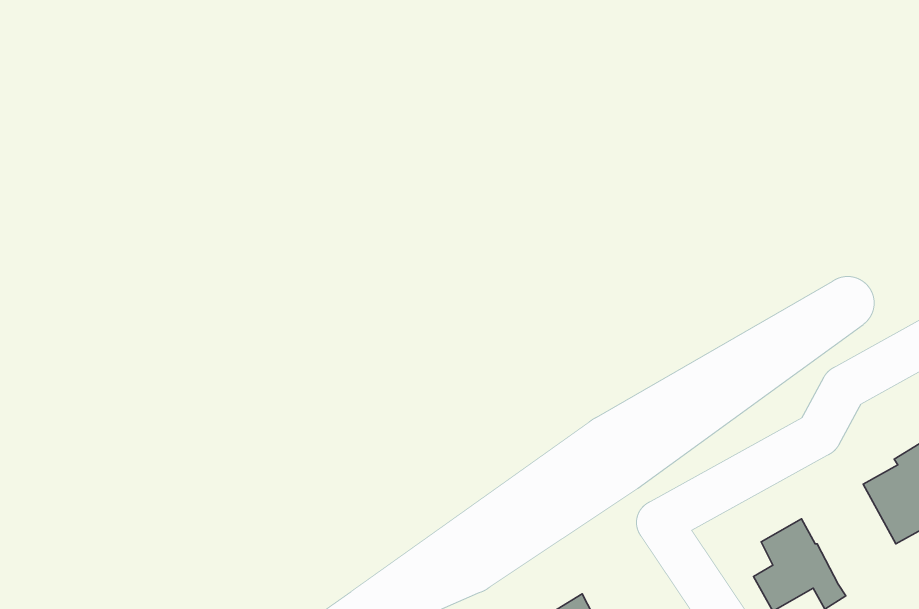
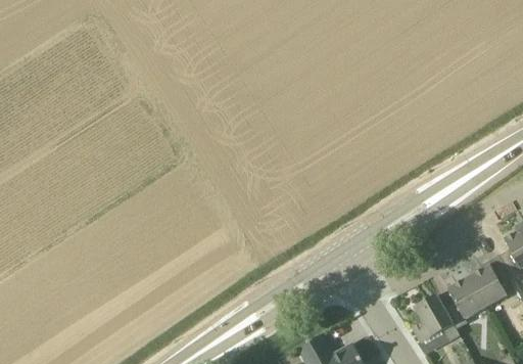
building: none -> [445,275,487,328]

